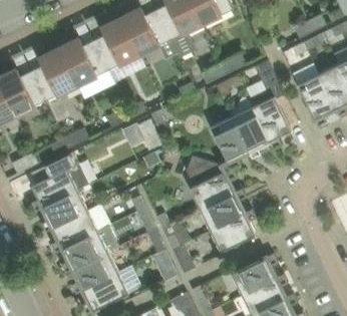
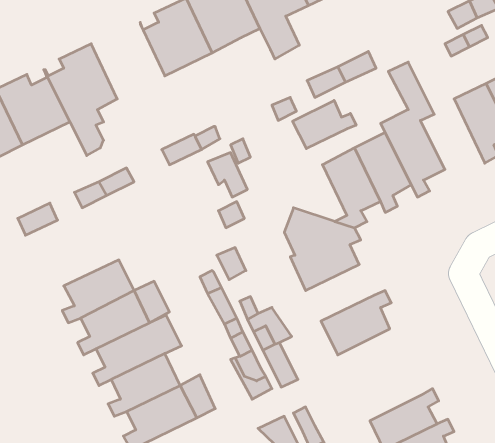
building: [60,35,108,84] -> none
building: none -> [293,100,356,149]
building: [31,152,89,211] -> none
building: [201,189,247,230] -> none
building: [232,253,278,295] -> none

